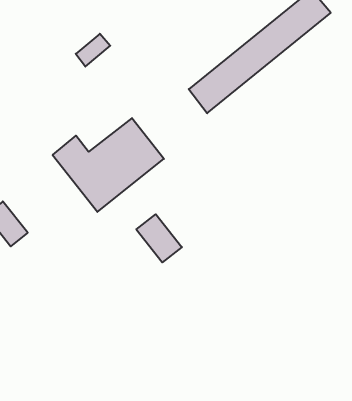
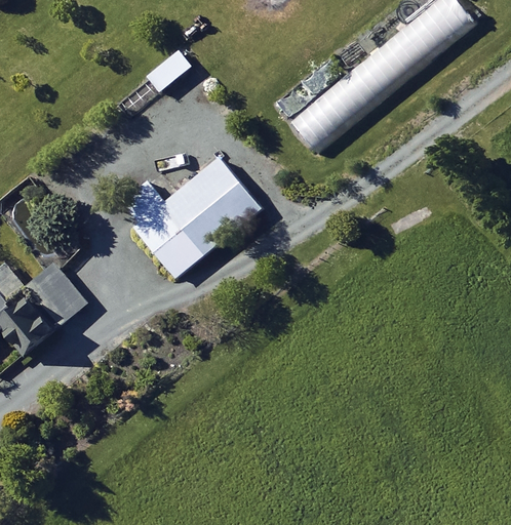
building: [136,214,182,262] -> none

